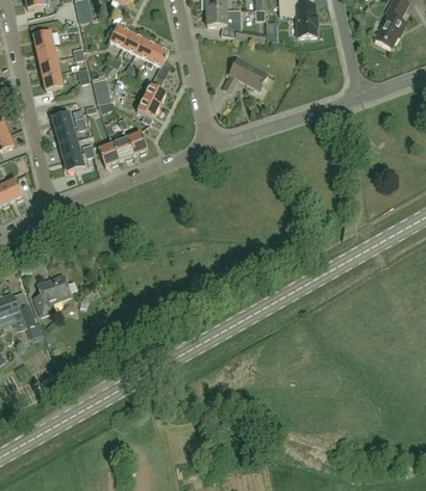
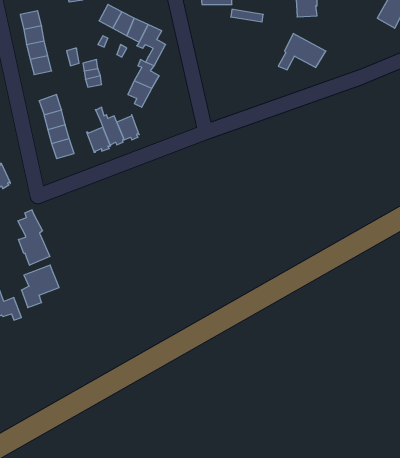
building: [223,56,268,91] -> [278,34,326,70]
building: none -> [18,210,50,265]

